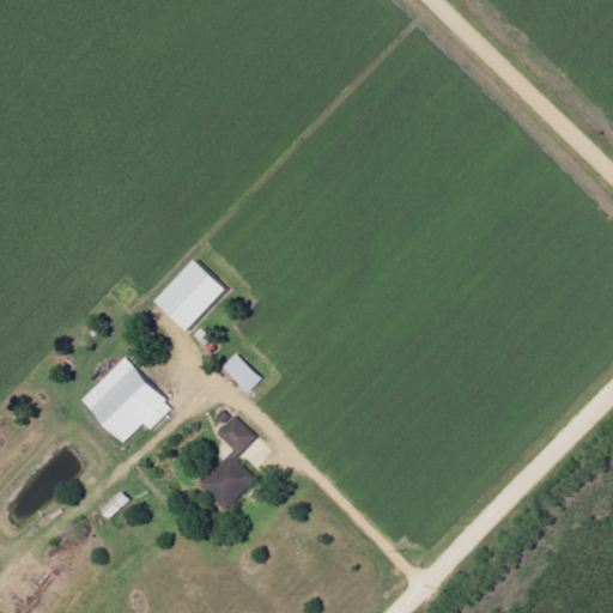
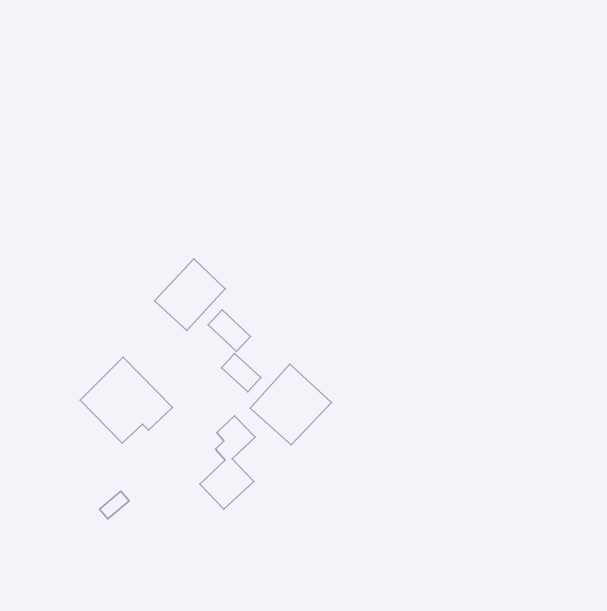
building: none -> [208,310,251,351]
building: none -> [250,364,331,445]

